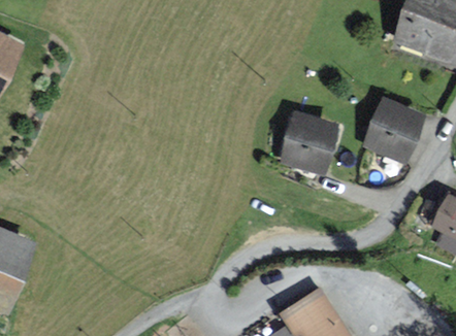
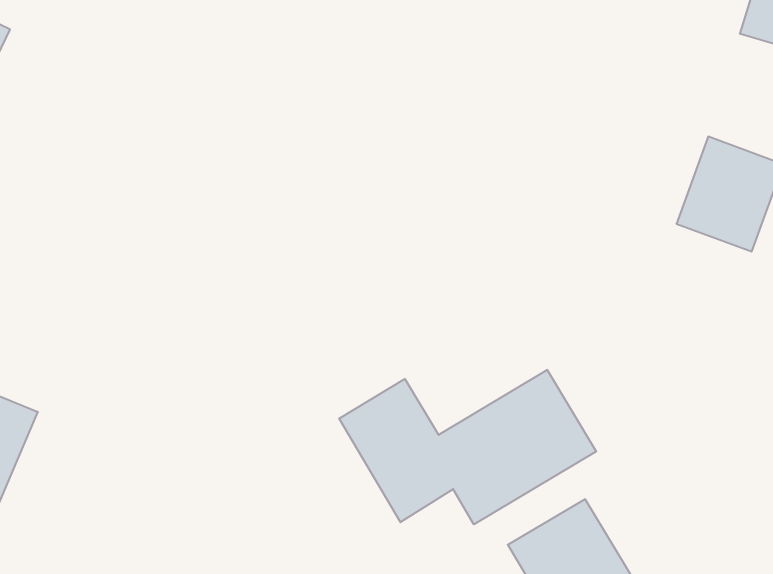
building: [285,112,336,170] -> none
building: none -> [339,370,596,524]

